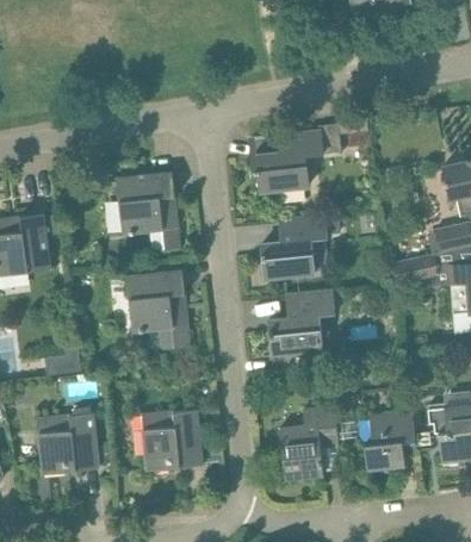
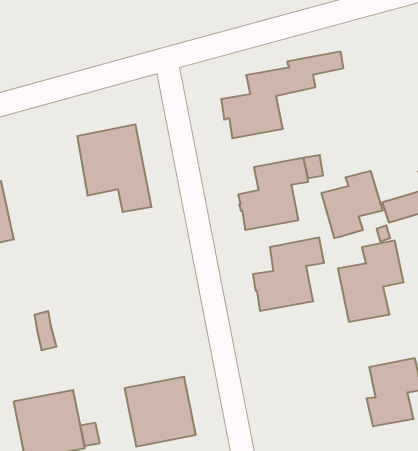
building: none -> [321,171,383,238]
building: [126,270,190,350] -> none
building: [279,406,339,478] -> [338,240,404,322]

